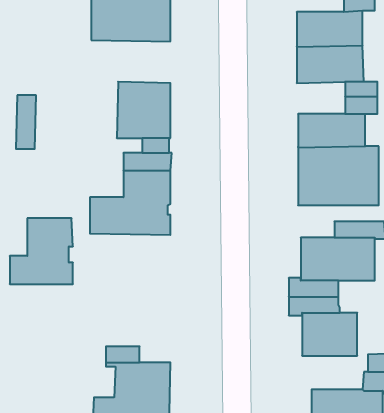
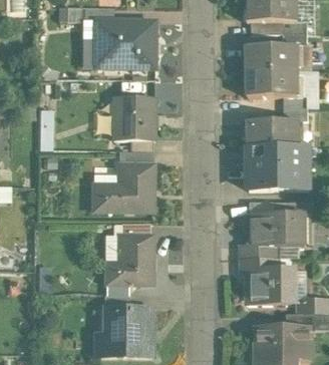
building: [10,218,73,284] -> [106,235,153,284]

